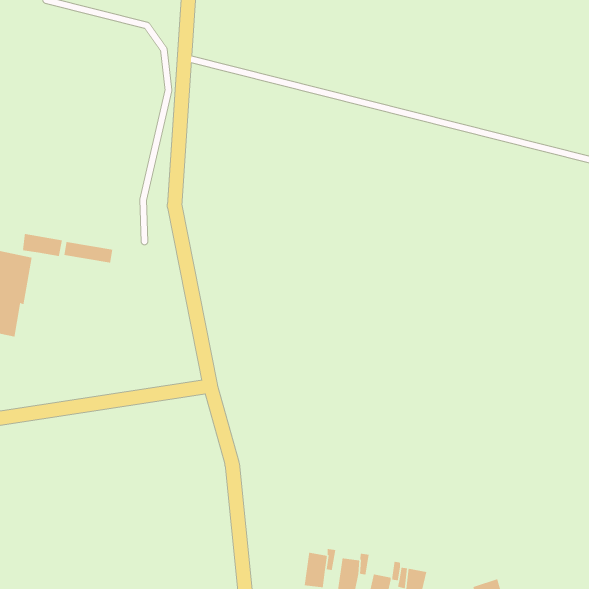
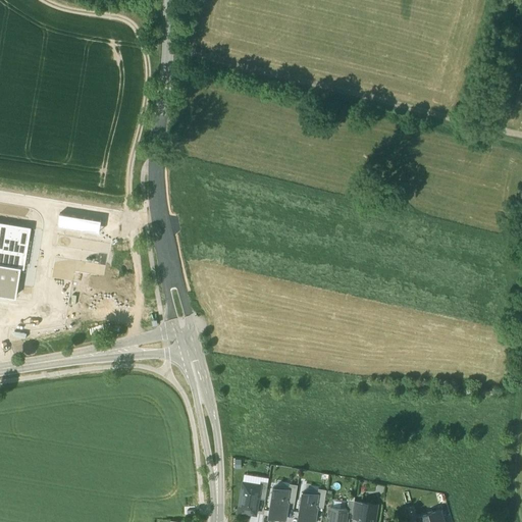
building: [22,233,62,257] -> none
building: none -> [238,483,259,515]

